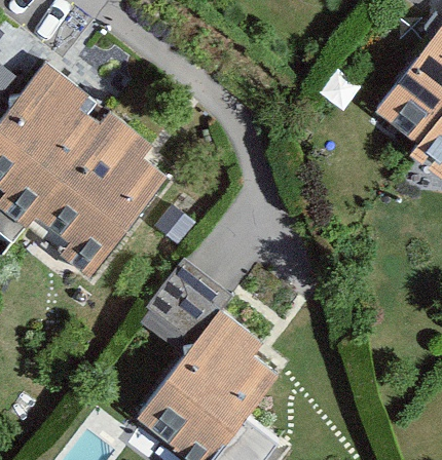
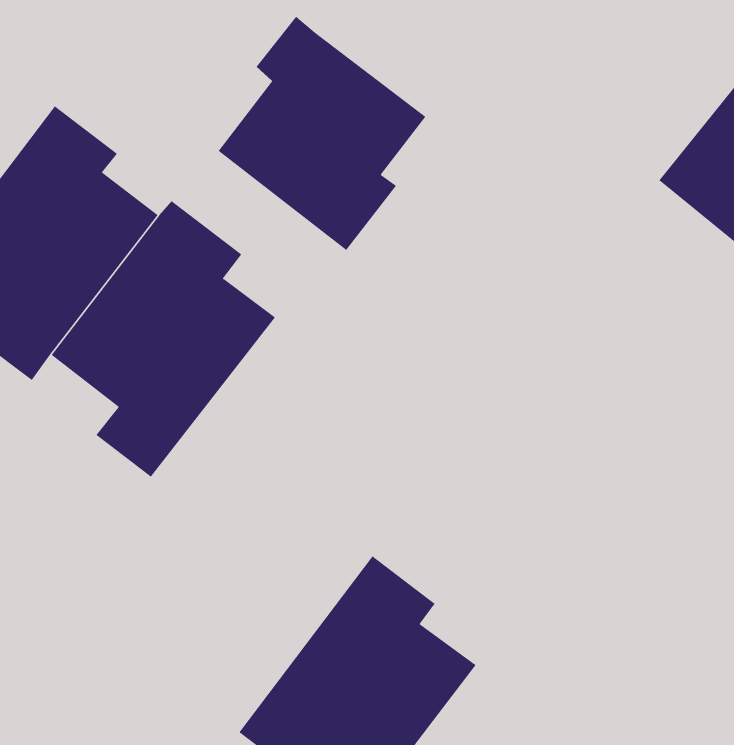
building: none -> [218,16,426,251]

